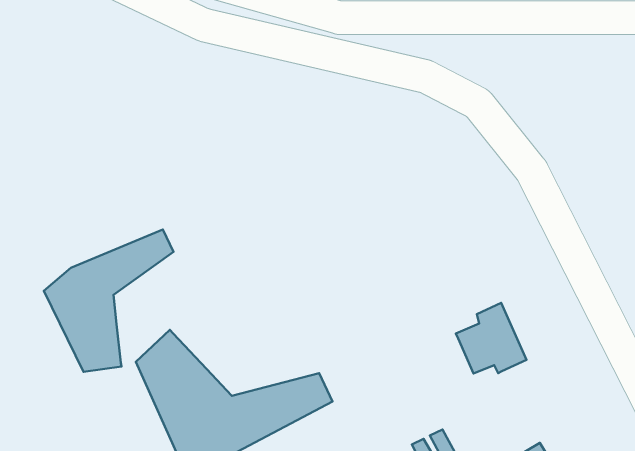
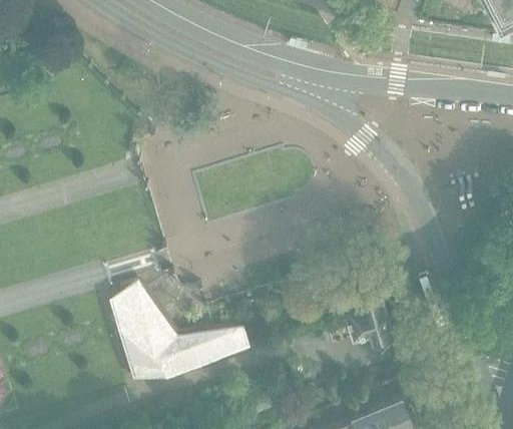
building: [44,229,174,372] -> none

